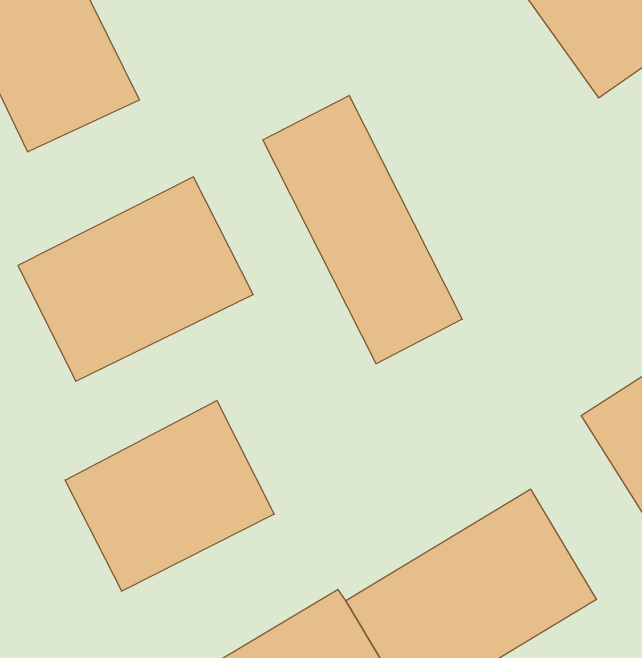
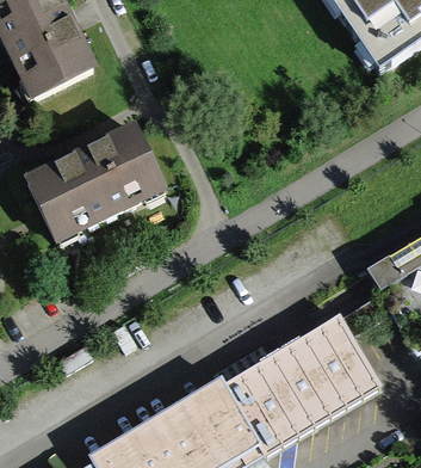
building: [263,95,462,364] -> none
building: [65,401,274,591] -> none

